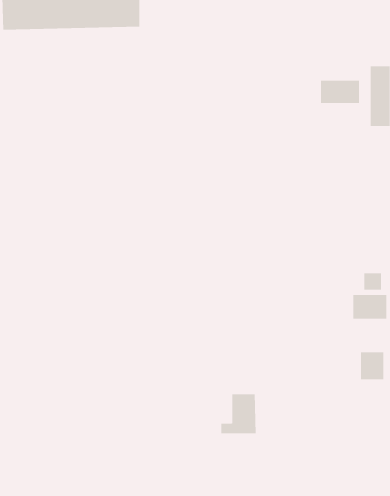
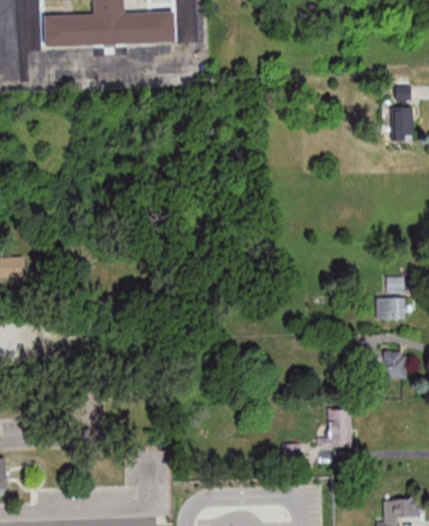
building: [321,80,359,104] -> none
building: [221,394,256,434] -> [317,410,351,448]

